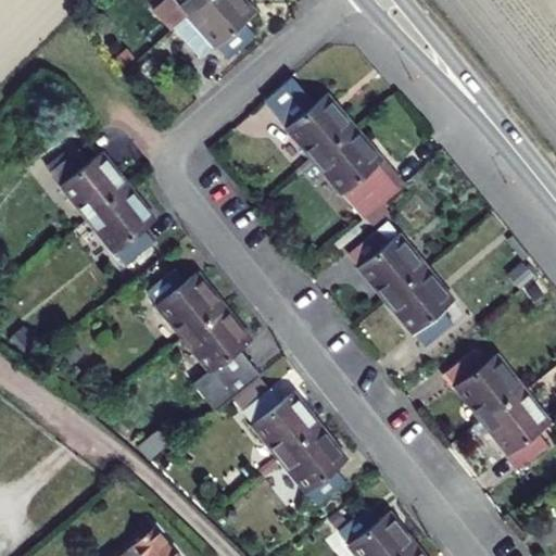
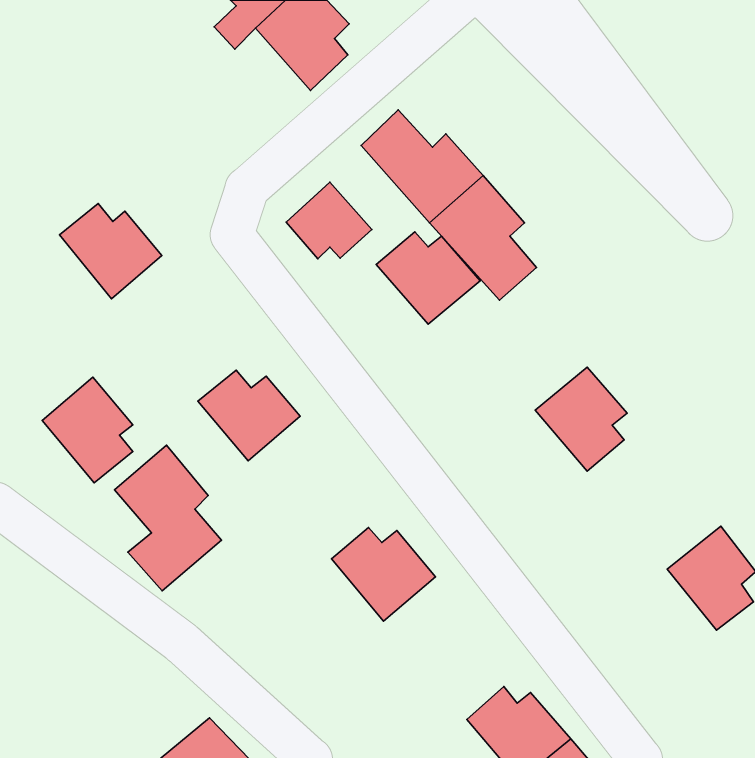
building: none -> [286,182,372,259]
building: [81,188,148,265] -> [42,377,133,483]
building: [353,233,429,301] -> [376,232,480,324]
building: [181,305,260,412] -> [114,445,221,591]
building: [450,346,527,417] -> none
building: [280,422,346,501] -> none

